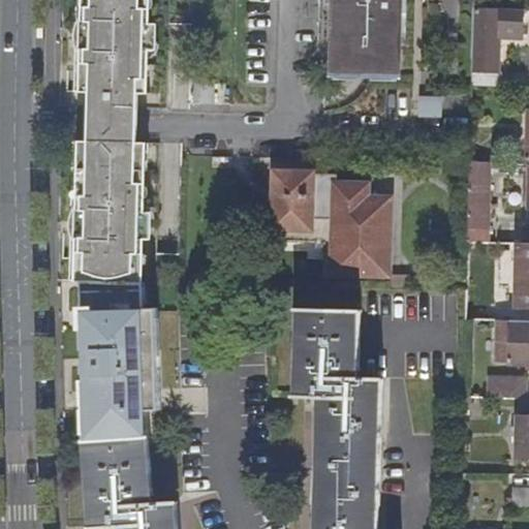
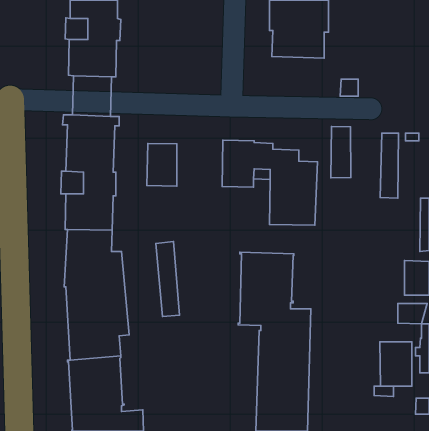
building: [469,8,520,87] -> none
building: none -> [331,127,351,178]
building: none -> [147,143,177,186]
building: none -> [156,241,179,316]
building: none -> [380,342,412,386]

